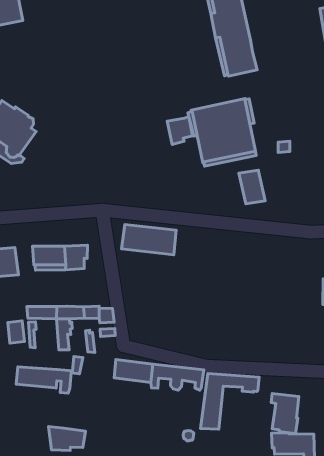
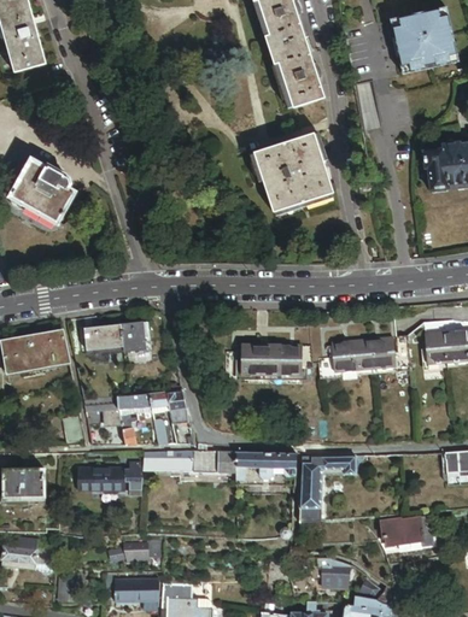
building: [167,117,192,145] -> none
building: [239,170,265,204] -> none
building: [122,224,176,255] -> [240,343,302,374]
building: none -> [332,336,396,371]
building: none -> [156,449,192,471]
building: [271,393,299,434] -> none

